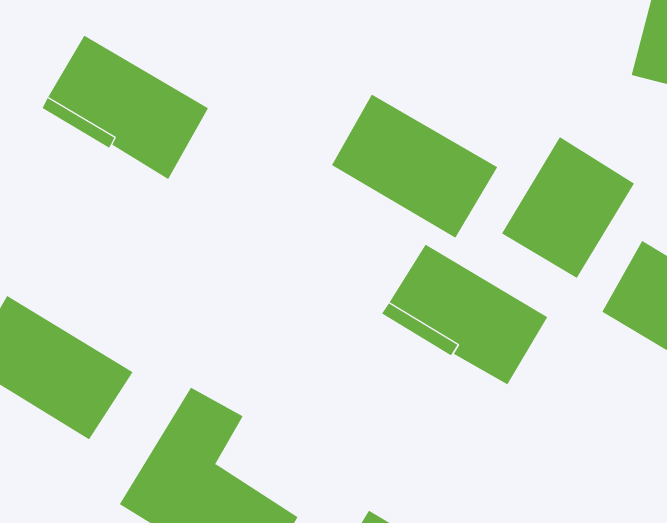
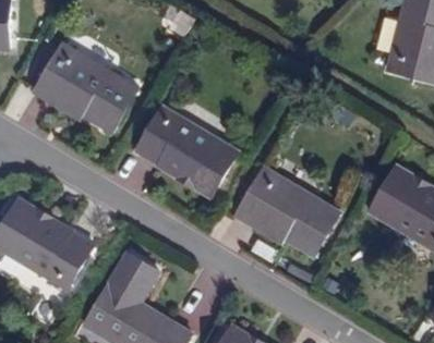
building: [331,94,498,239] -> [137,108,237,194]
building: [501,136,635,279] -> none

